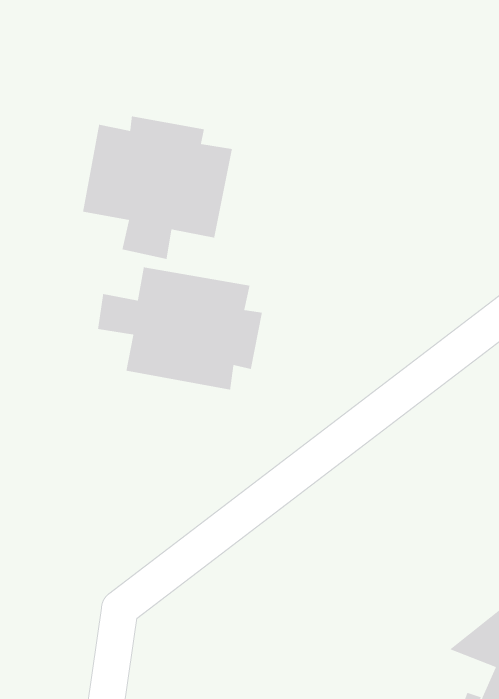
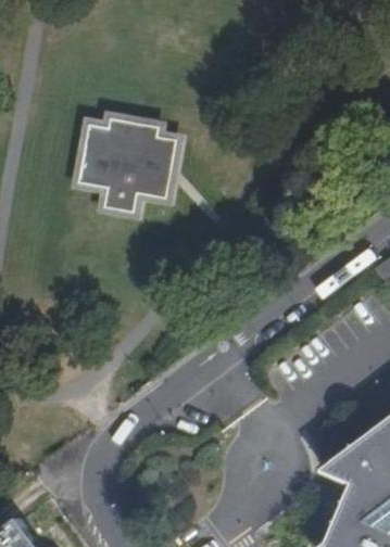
building: [97,266,263,391] -> none

